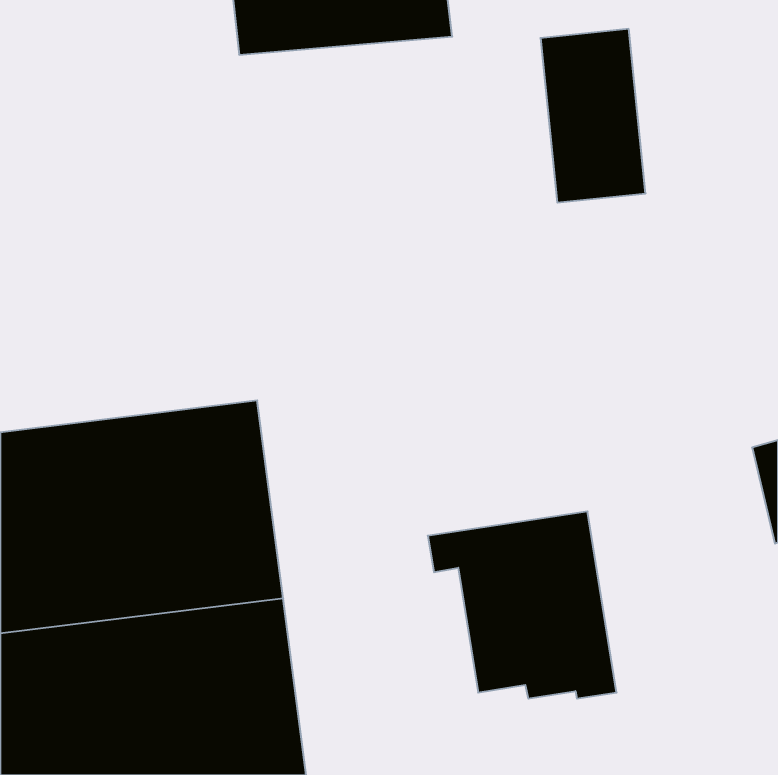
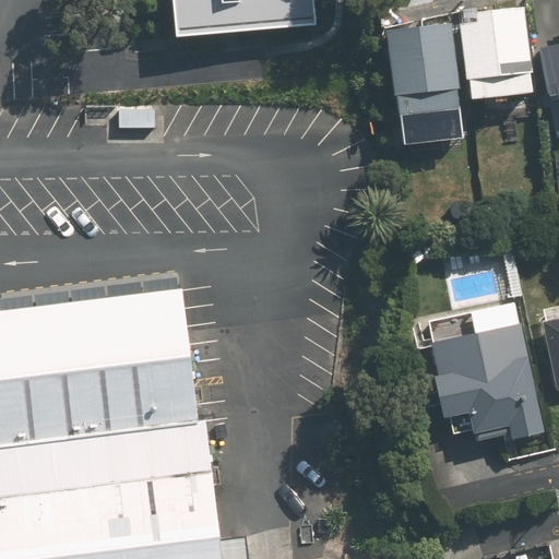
building: none -> [460,17,535,100]
building: [428,511,617,699] -> [403,302,538,437]

